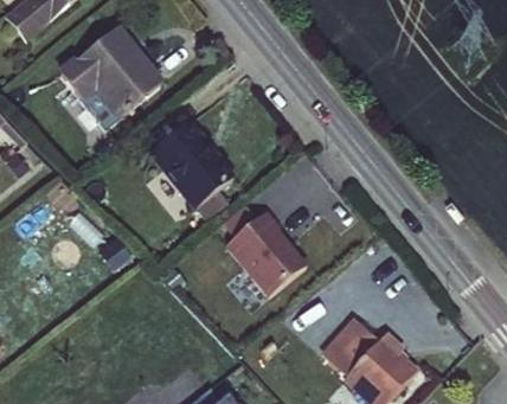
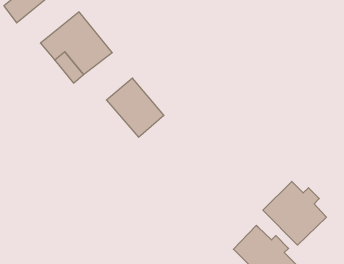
building: [224,209,303,293] -> none
building: none -> [263,181,326,245]

